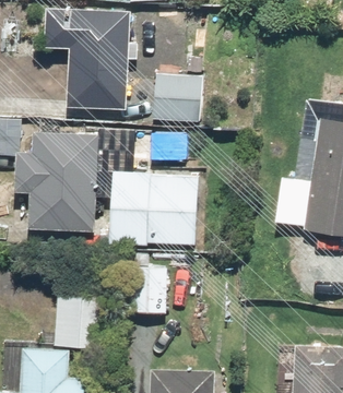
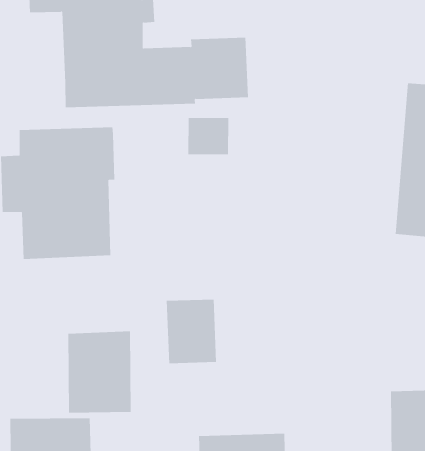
building: [100,141,199,248] -> none

